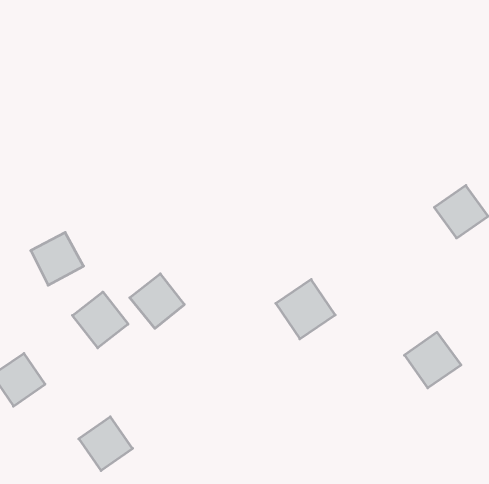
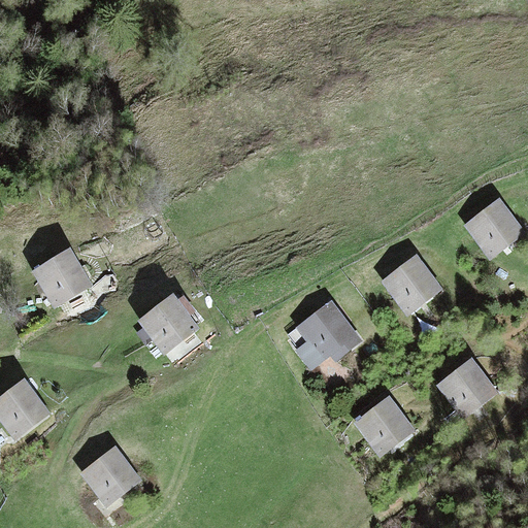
building: none -> [383,257,440,312]
building: [72,292,128,348] -> none
building: none -> [352,397,411,456]

